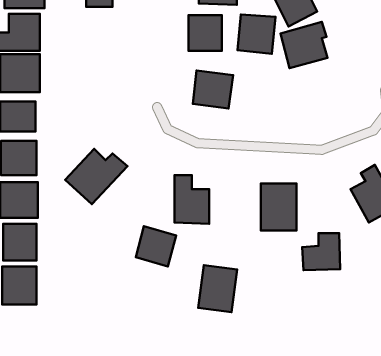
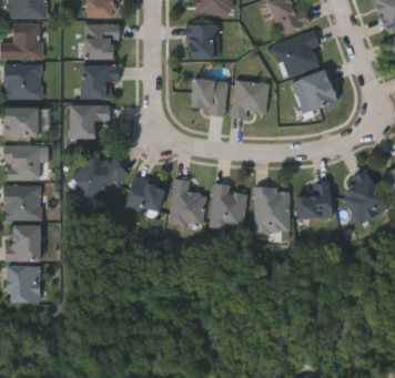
building: none -> [84,23,119,59]
building: [237,15,275,54] -> [232,80,269,118]
building: none -> [81,64,118,99]
building: none -> [292,70,336,113]
building: none -> [68,104,110,139]
building: [136,226,176,266] -> [125,177,164,216]
building: [302,233,340,270] -> [295,183,332,218]
building: [198,265,237,312] -> [210,185,247,231]

